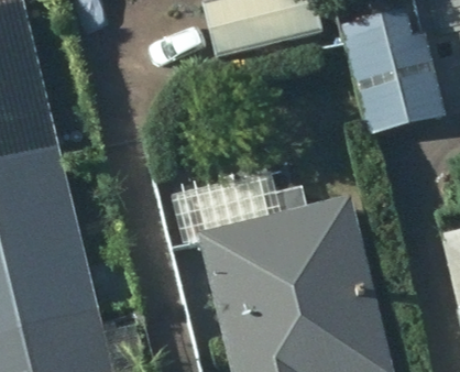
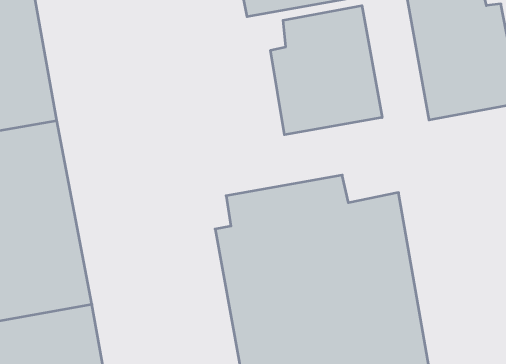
building: none -> [271,6,382,135]

